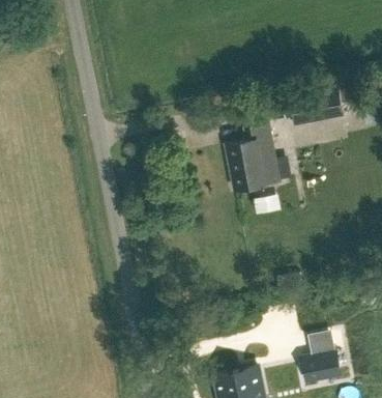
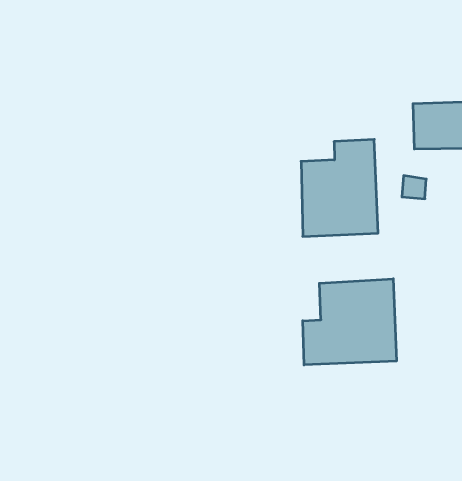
building: none -> [303,279,396,365]

